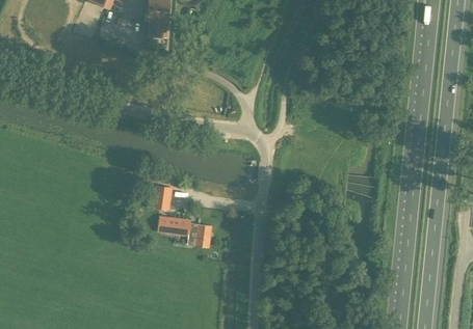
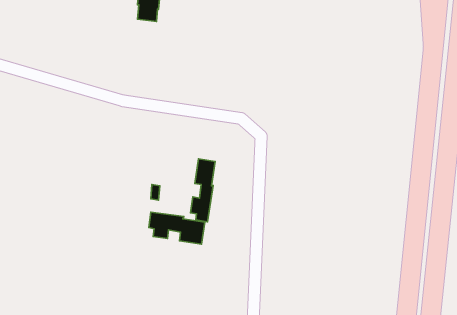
building: none -> [191,159,215,222]

